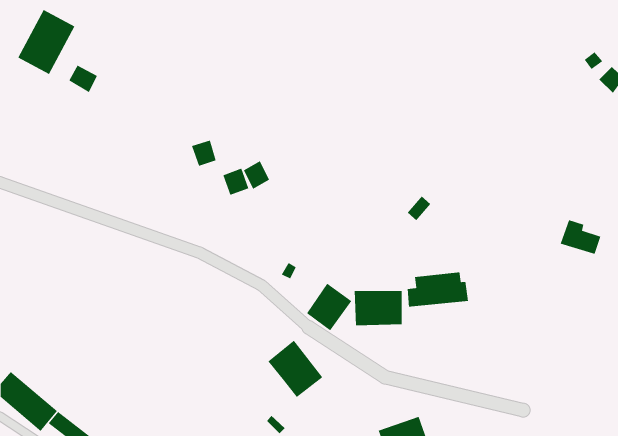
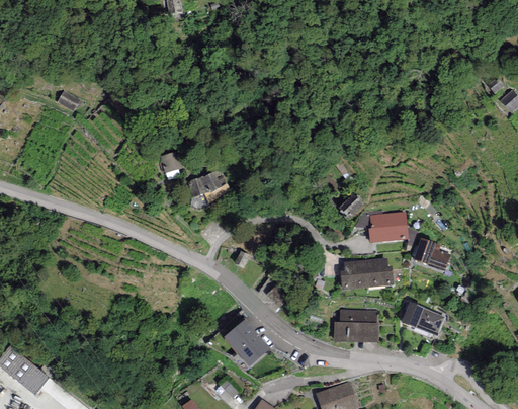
building: [18,9,75,75] -> none
building: none -> [362,213,408,242]
building: [560,220,601,255] -> [414,241,448,270]
building: [354,291,402,326] -> [335,313,375,342]
building: none -> [400,305,444,337]

